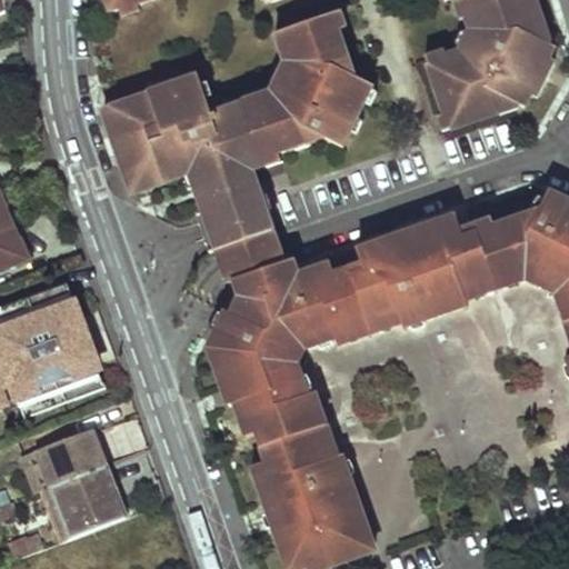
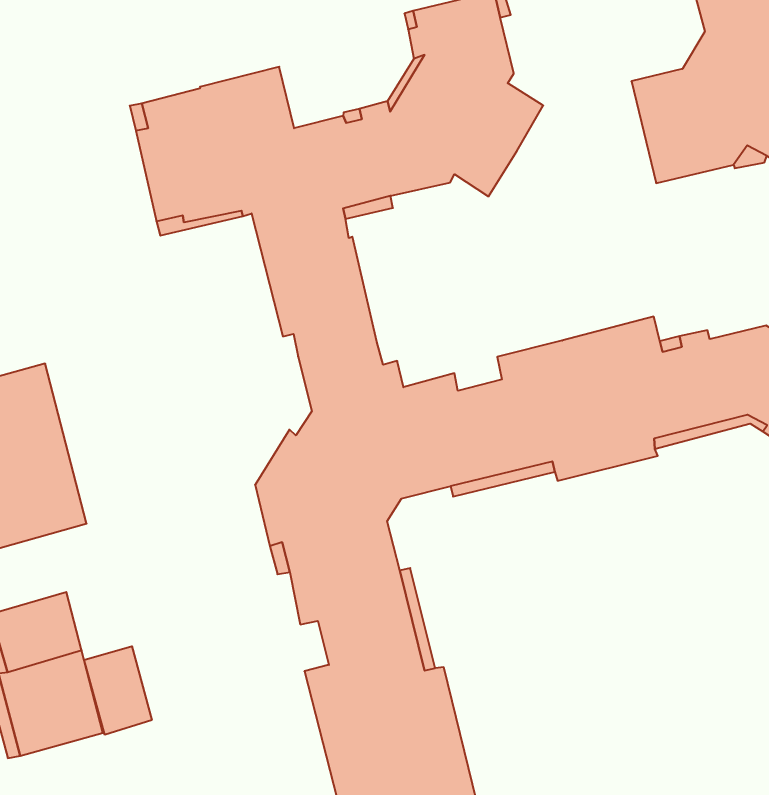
building: none -> [84,646,152,735]

